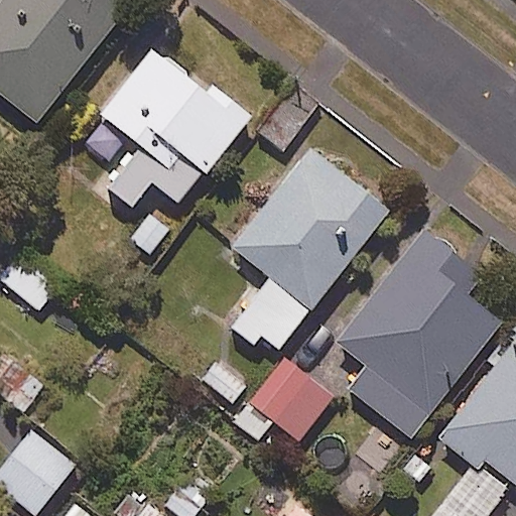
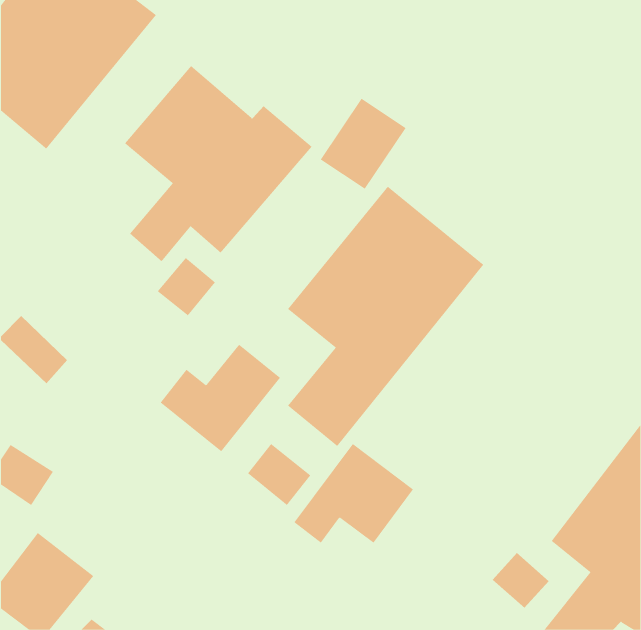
building: [338,229,500,436] -> none
building: none -> [160,344,281,452]

